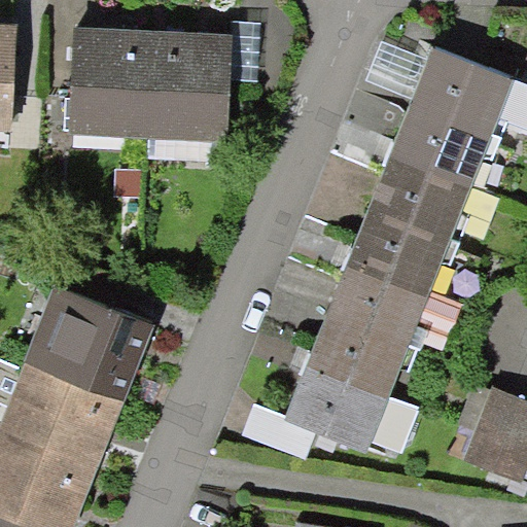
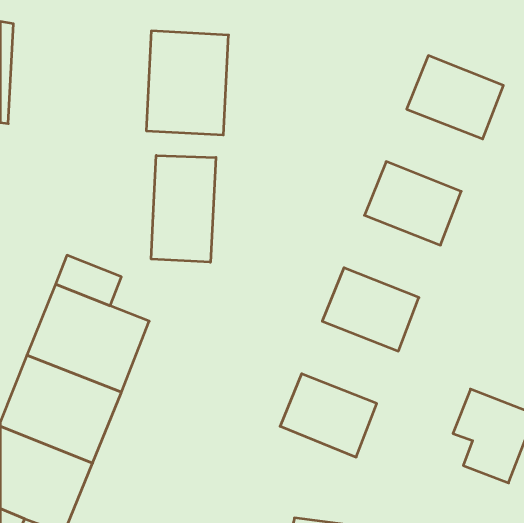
building: [72,30,153,134] -> none
building: [388,112,485,195] -> none
building: none -> [151,155,216,262]
building: [346,218,443,301] -> none
building: [304,324,400,407] -> none

